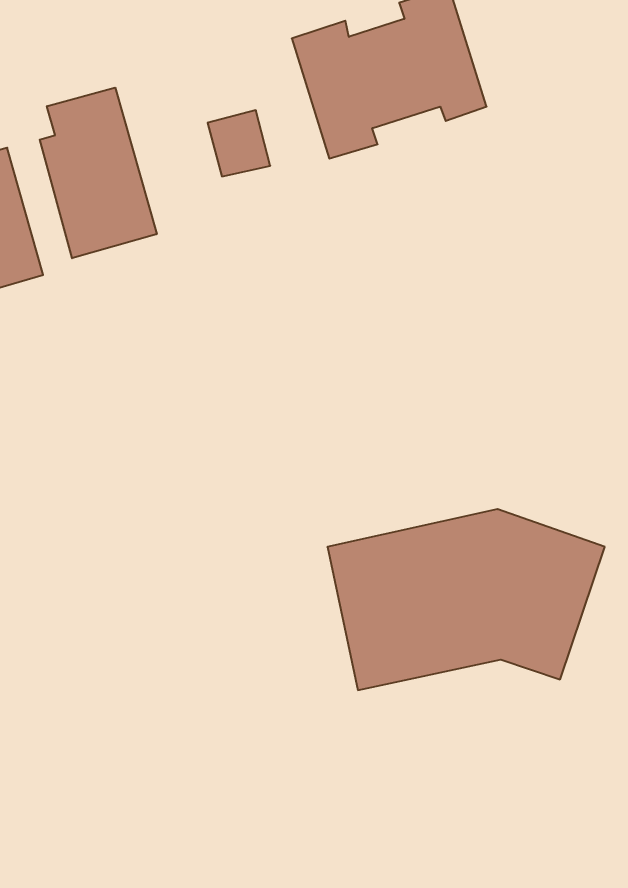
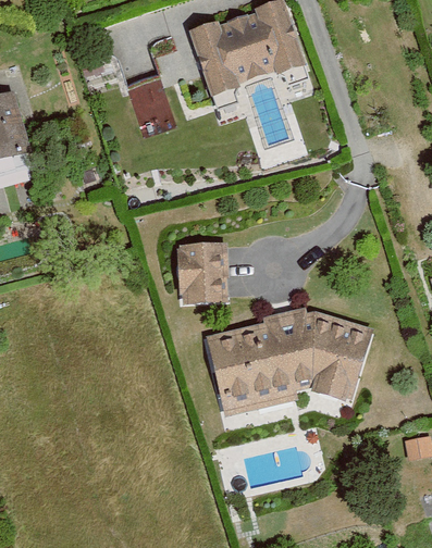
building: [40,88,157,258] -> none
building: none -> [176,239,225,306]

